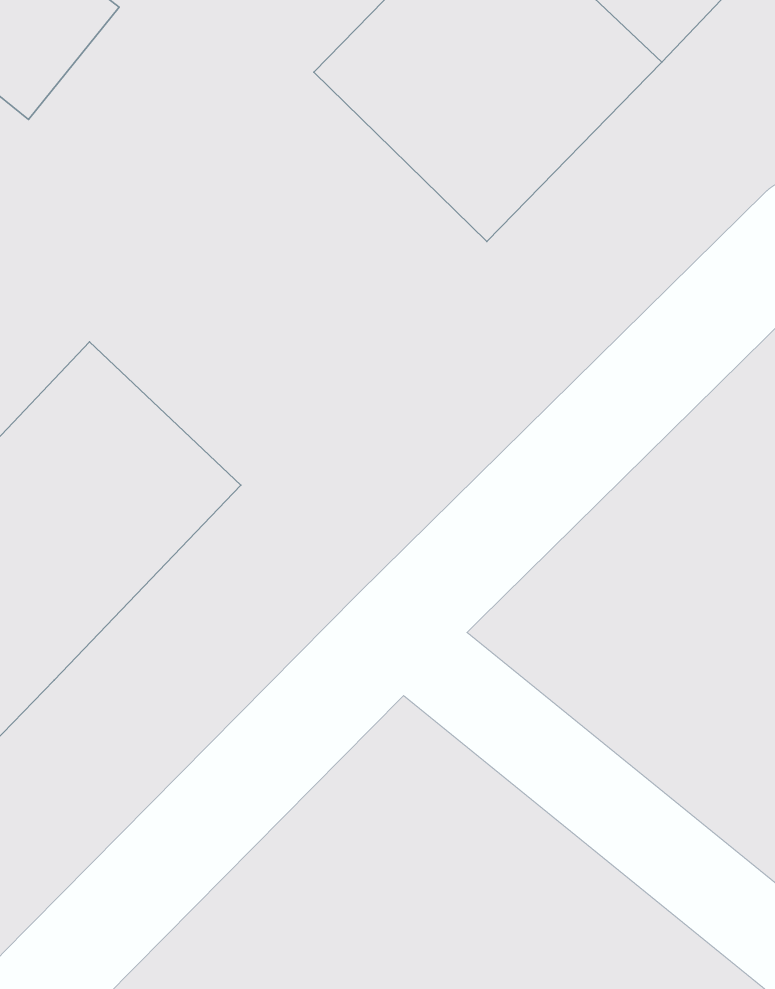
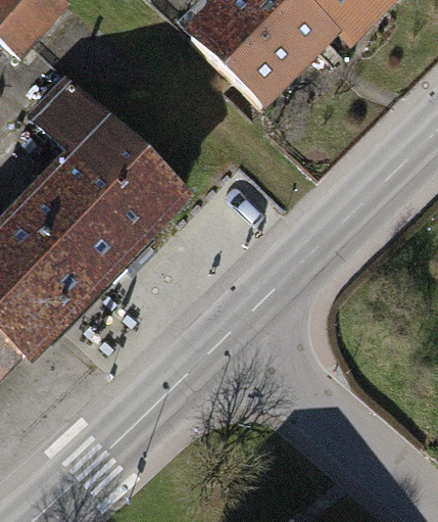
building: none -> [20,63,199,254]

